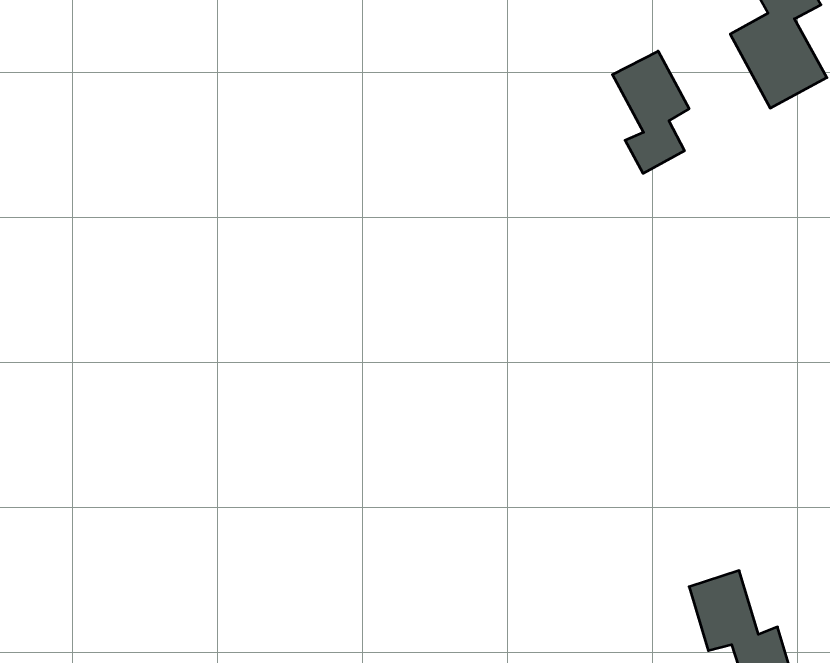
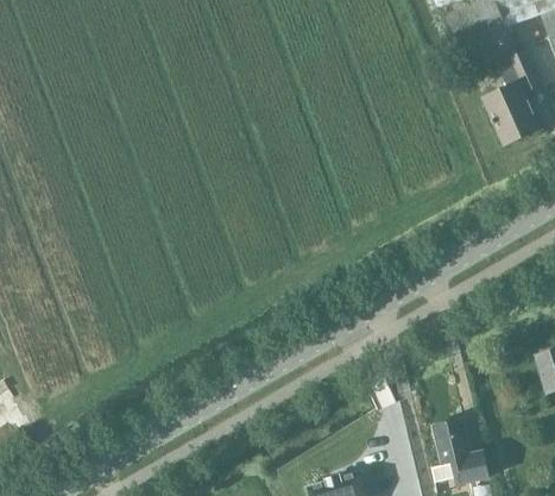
building: [612,51,689,173] -> none

